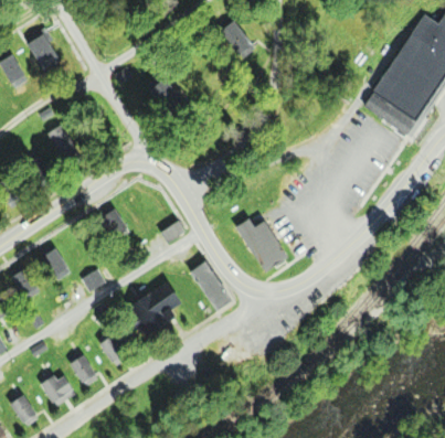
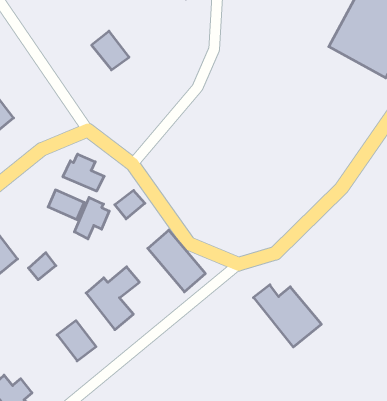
building: none -> [63,154,104,191]
building: [233,217,290,274] -> [253,285,321,347]
building: none -> [74,197,109,239]
building: [68,352,100,387] -> none

